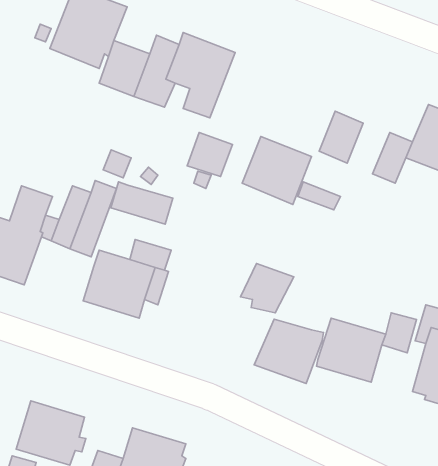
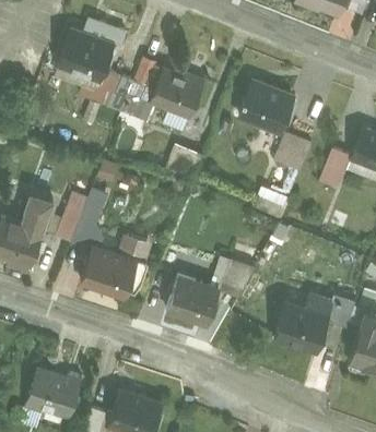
building: [242,136,312,204] -> [238,79,295,134]
building: [111,182,173,224] -> none
building: [254,319,323,383] -> [163,273,220,325]

